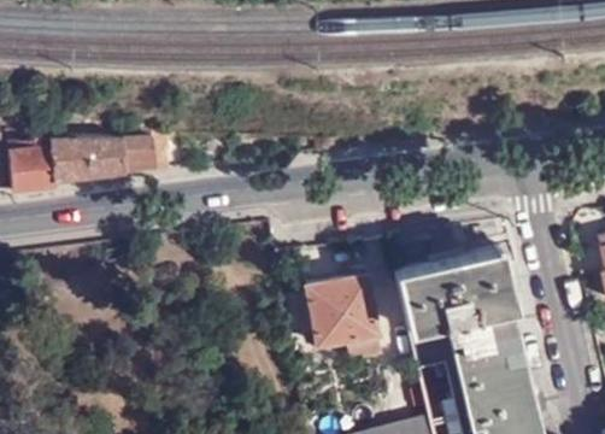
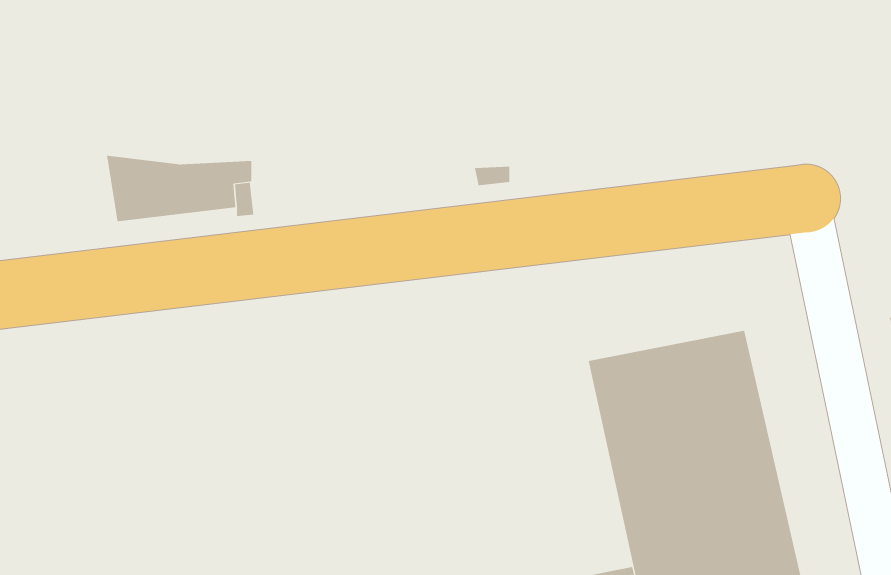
building: [14,128,82,193] -> none
building: [307,271,378,346] -> none

